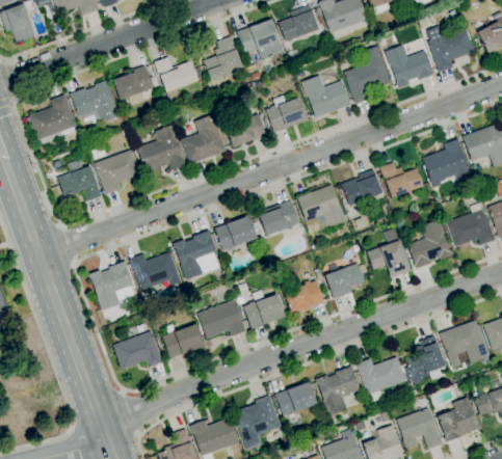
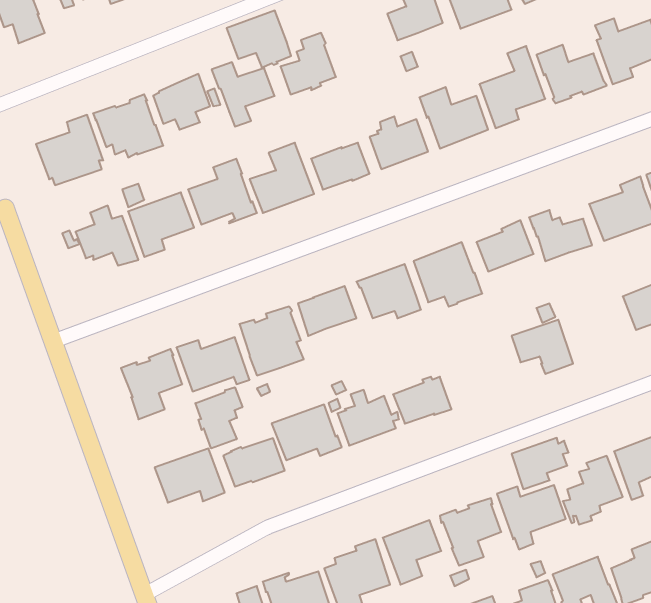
building: [237,20,283,60] -> [227,11,291,68]
building: [407,219,452,269] -> none
building: [325,263,366,299] -> [512,438,569,489]
building: none -> [195,387,242,448]

